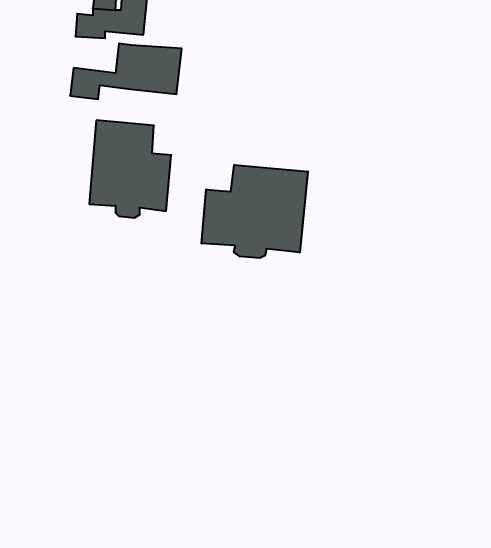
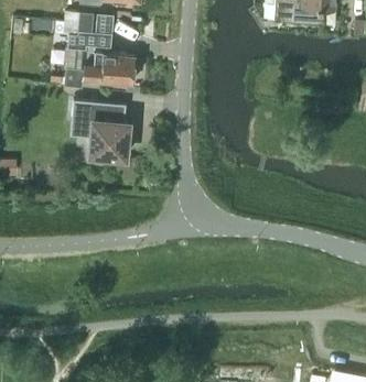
building: [202,165,308,258] -> none

